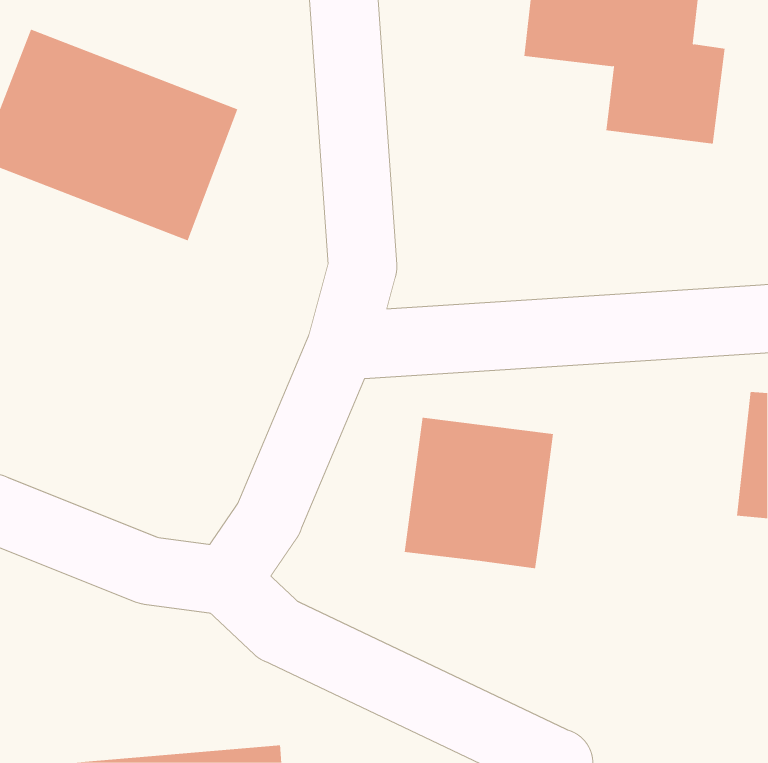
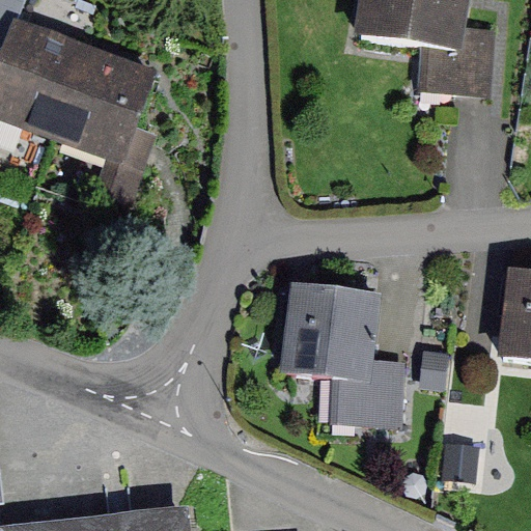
building: none -> [327,360,400,427]

